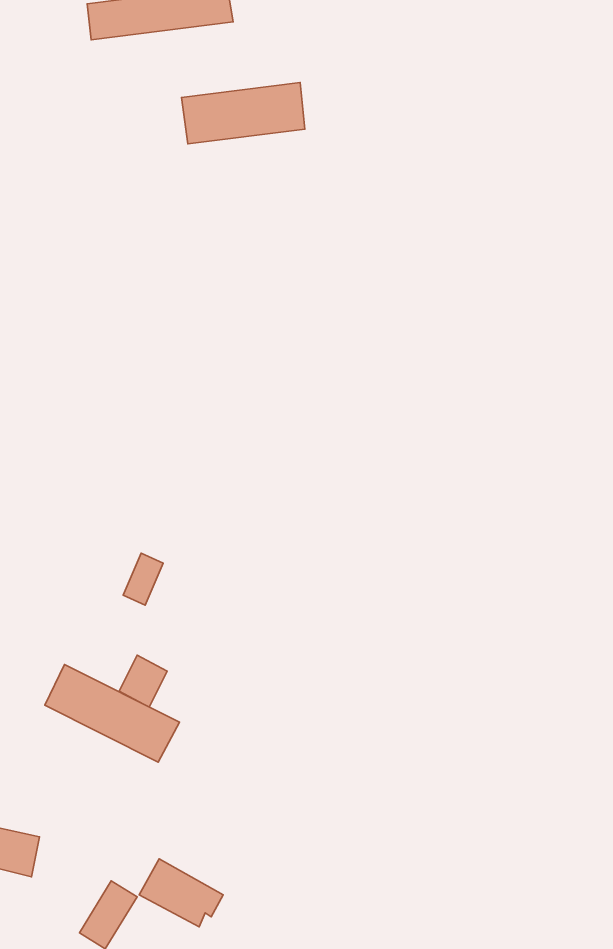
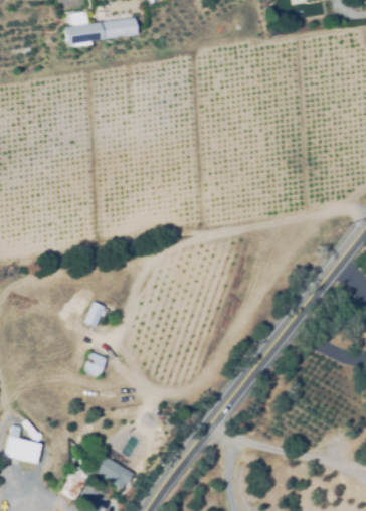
building: [182,83,305,144] -> none
building: [45,665,179,762] -> none

